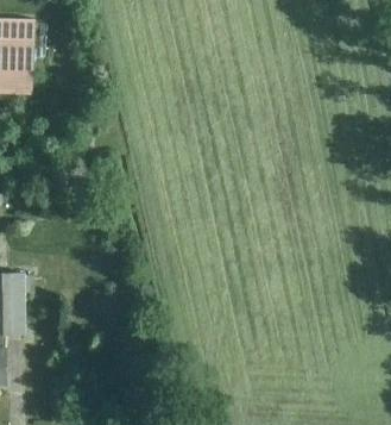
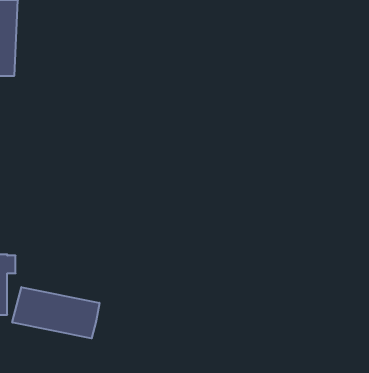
building: none -> [12,287,99,338]

